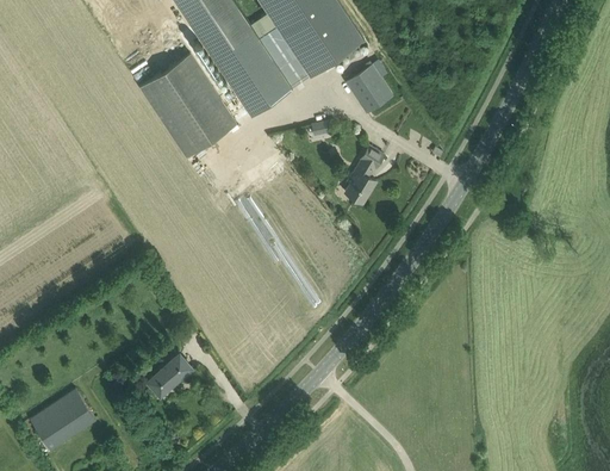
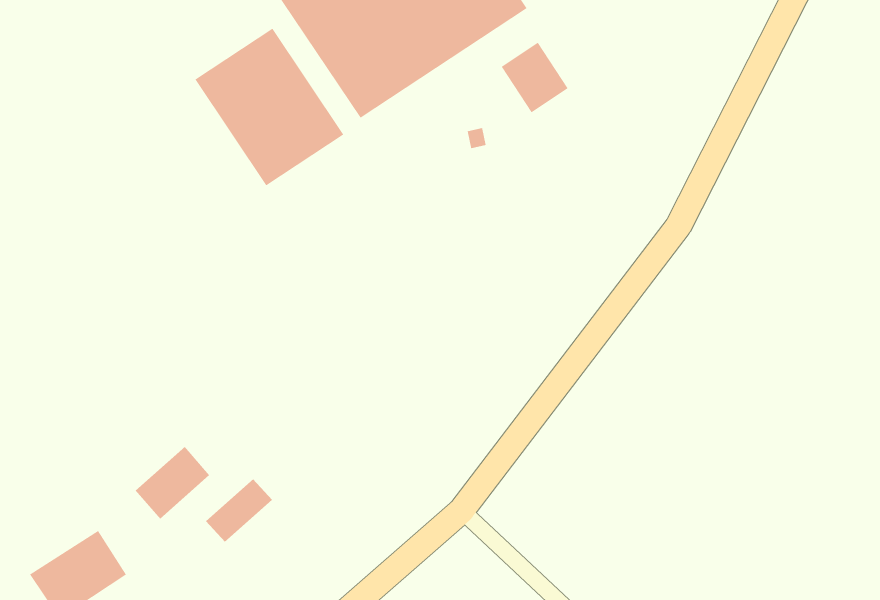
building: [344,147,384,203] -> none
building: none -> [135,446,210,520]

